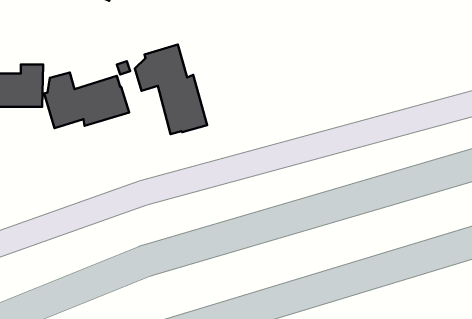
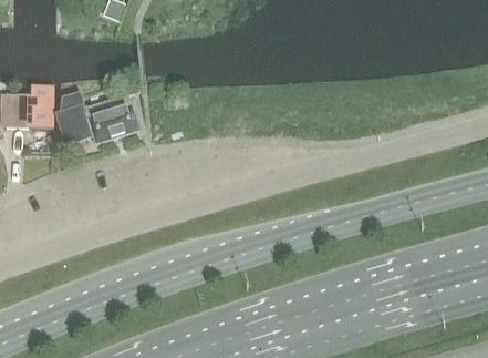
building: [135,45,207,134] -> none

